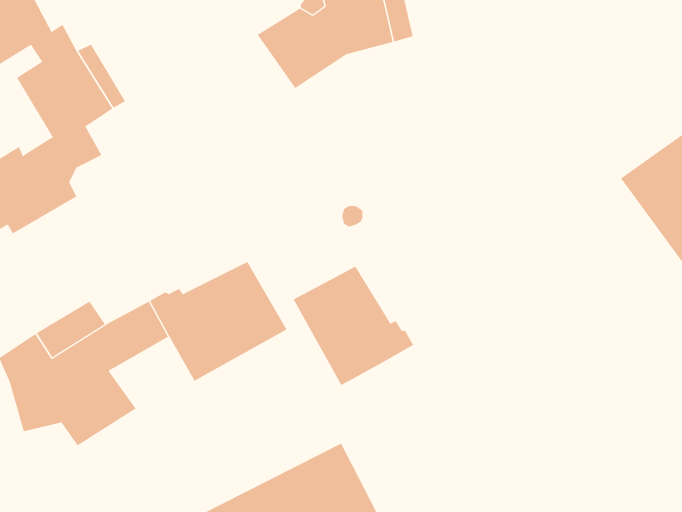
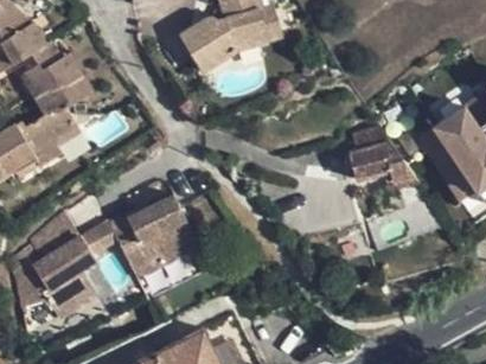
building: none -> [347,126,414,181]
building: [293,266,414,386] -> none

